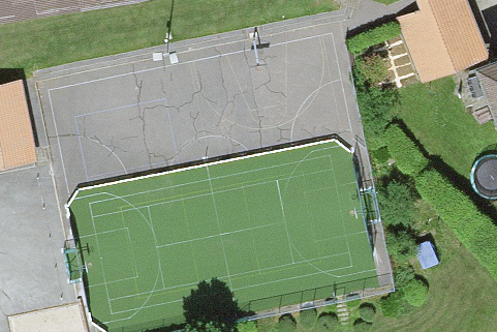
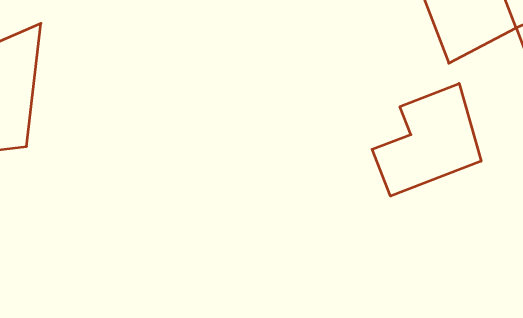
building: none -> [372,83,481,196]

